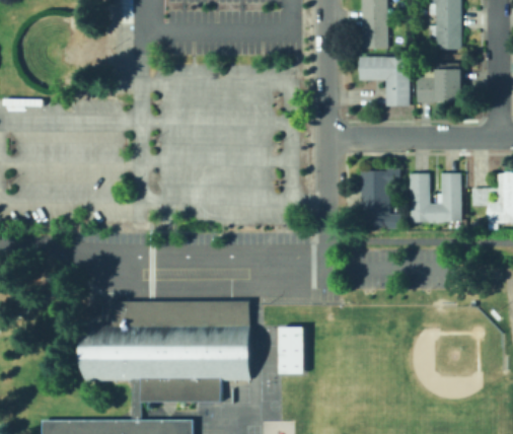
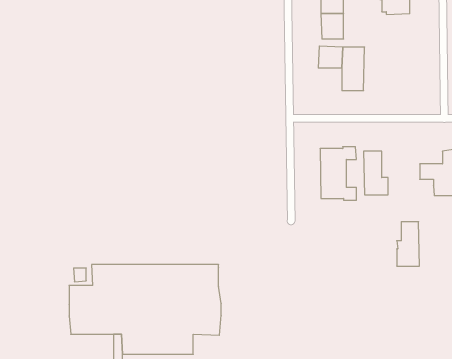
building: [430,20,462,50] -> none
building: [418,70,464,103] -> none
building: [437,173,462,223] -> [397,222,419,266]
building: [278,327,304,373] -> none

